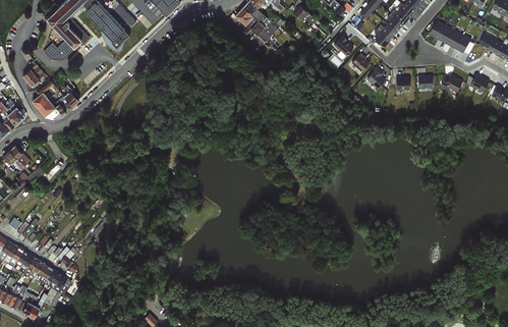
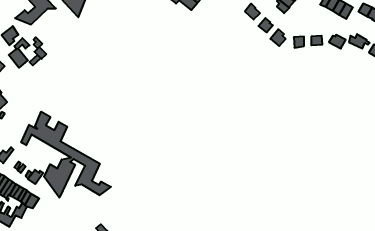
building: none -> [21,112,111,198]

